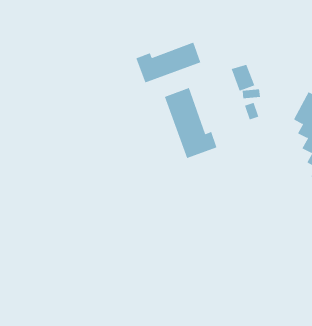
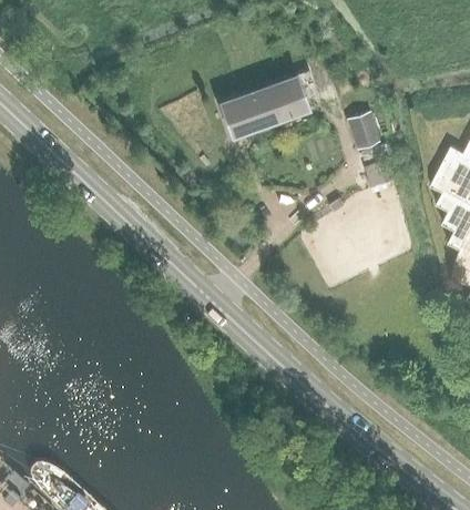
building: [164,87,217,159] -> none

